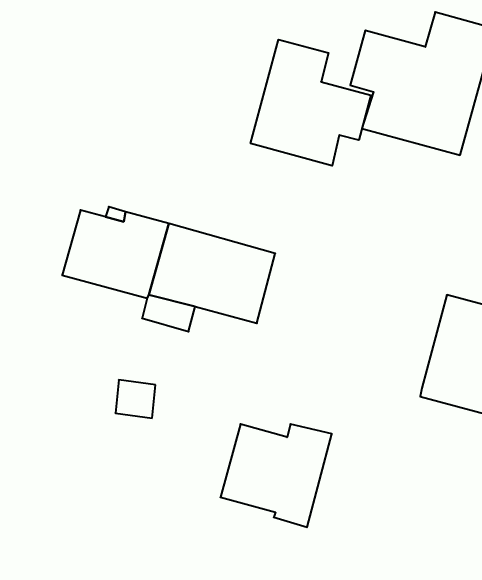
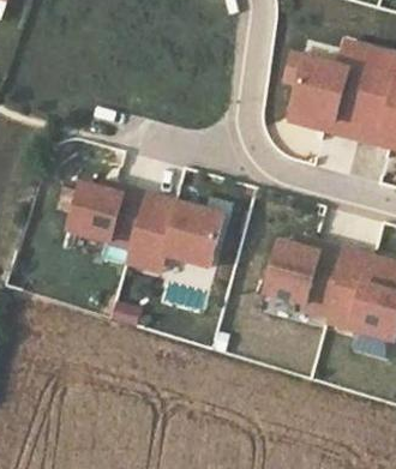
building: [251,40,371,166] -> none
building: [220,424,332,527] -> [266,236,347,311]

